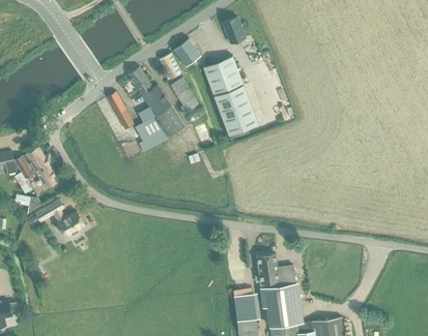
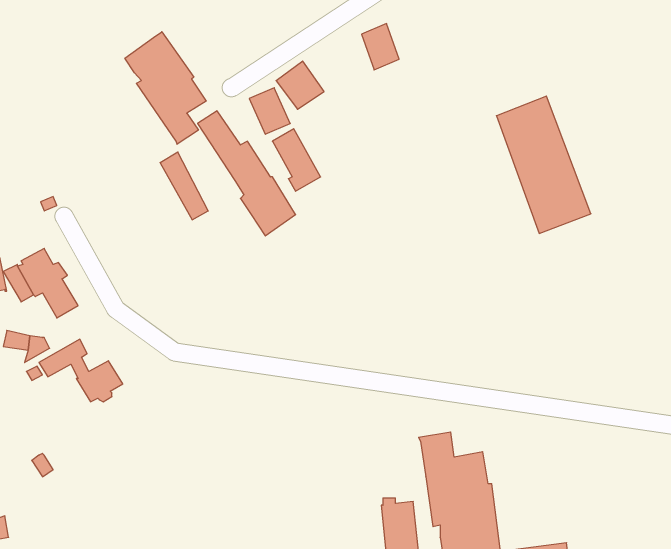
building: none -> [125,32,206,144]
building: [203,56,258,135] -> [496,96,591,233]
building: [135,108,164,152] -> none

